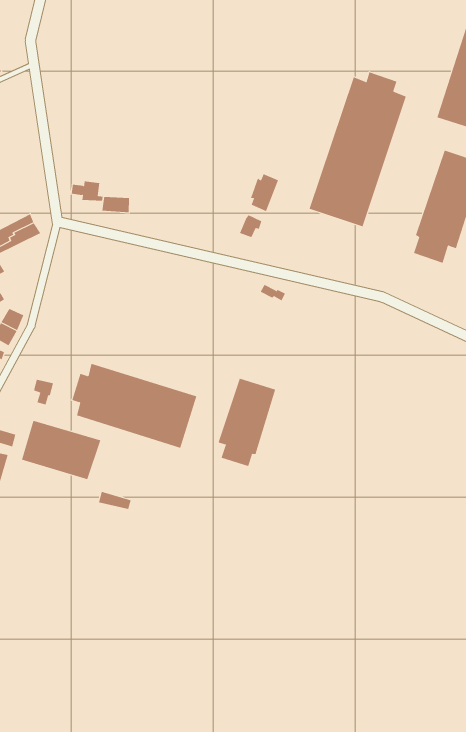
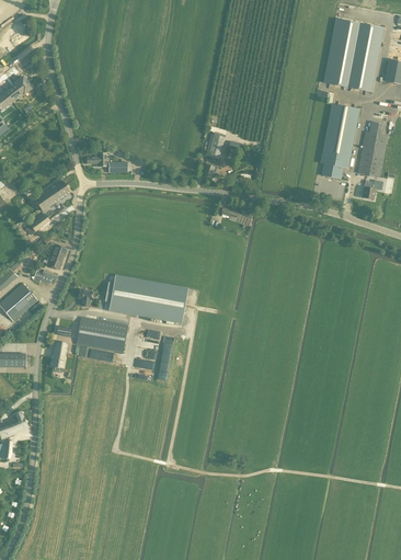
building: [309,72,407,227] -> none
building: [218,378,276,467] -> none

